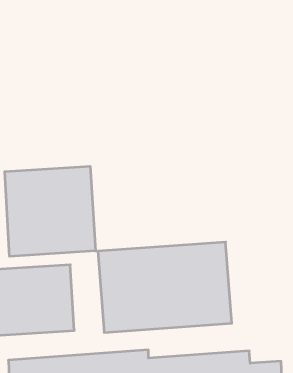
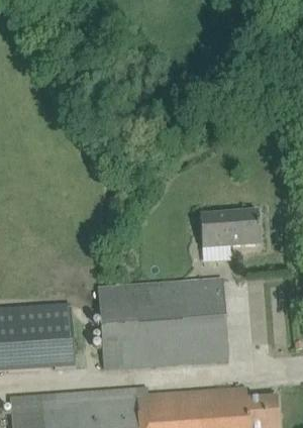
building: [5,166,96,256] -> none
building: none -> [200,211,261,248]

